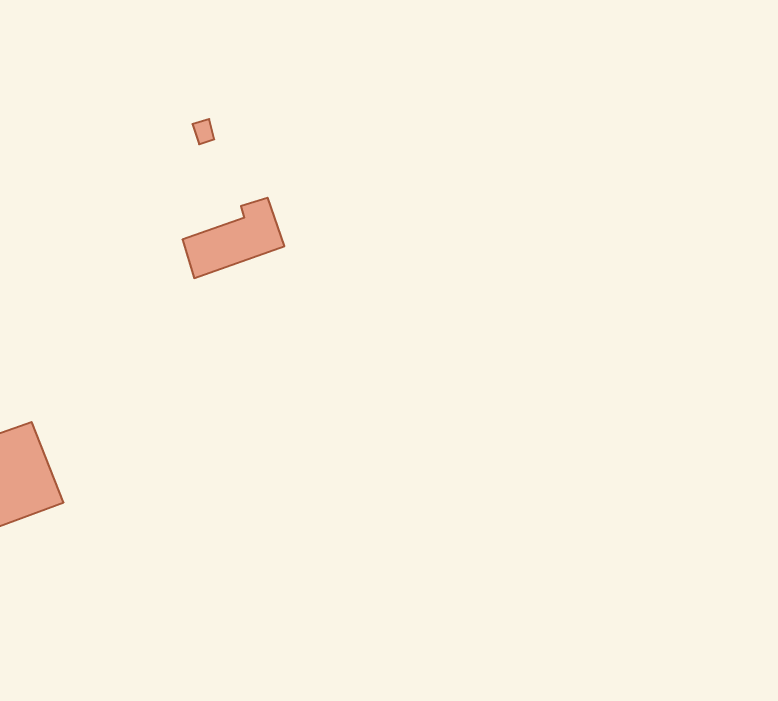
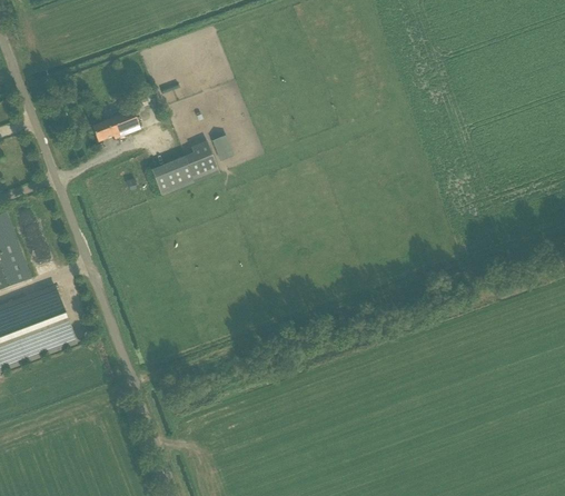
building: none -> [89,108,138,140]

